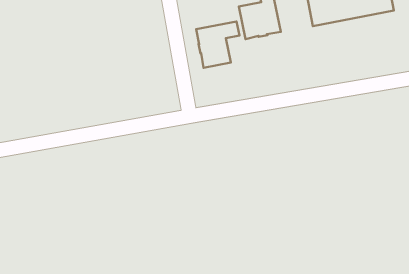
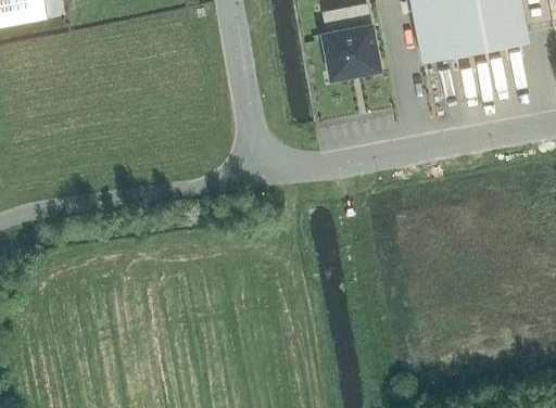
building: [196,21,240,68] -> none

